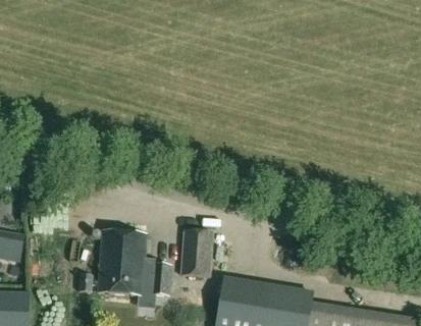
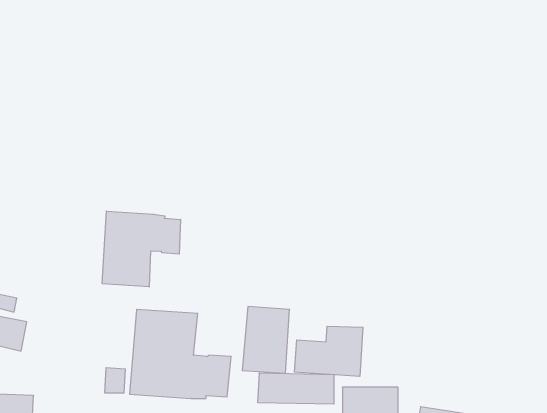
building: none -> [102,211,180,287]
building: none -> [295,326,363,376]

